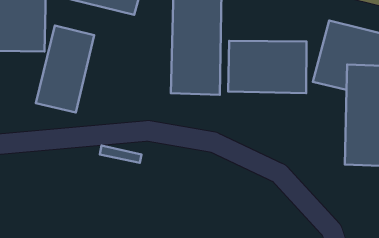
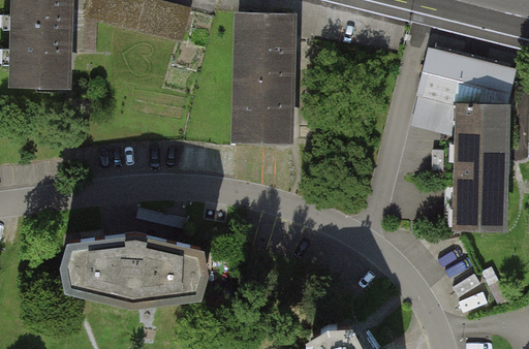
building: [36,25,94,112] -> none
building: [228,41,306,93] -> none
building: none -> [66,231,211,300]

